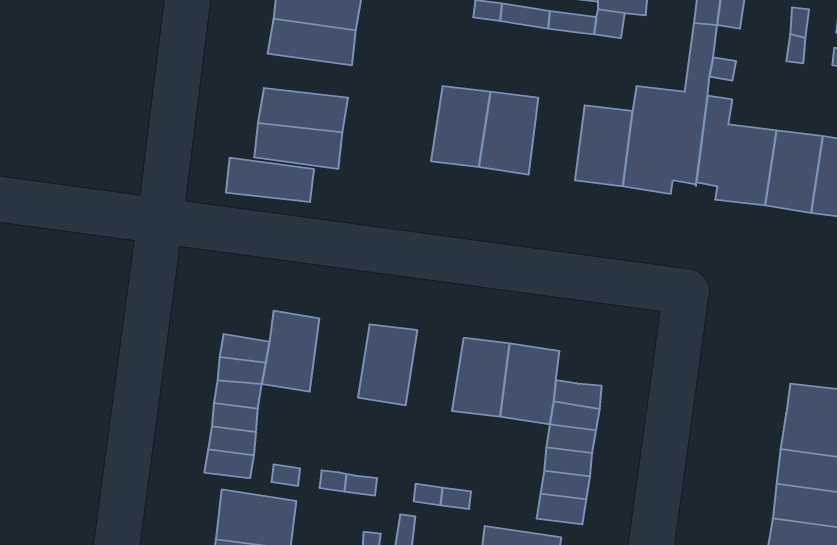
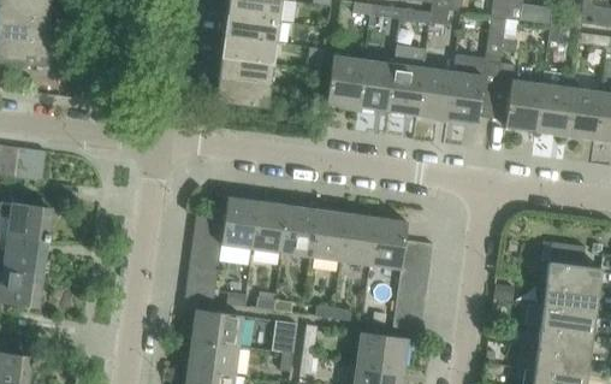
building: none -> [387,47,425,114]
building: [226,158,314,202] -> [221,35,277,63]
building: none -> [250,201,287,250]
building: none -> [310,208,346,259]

